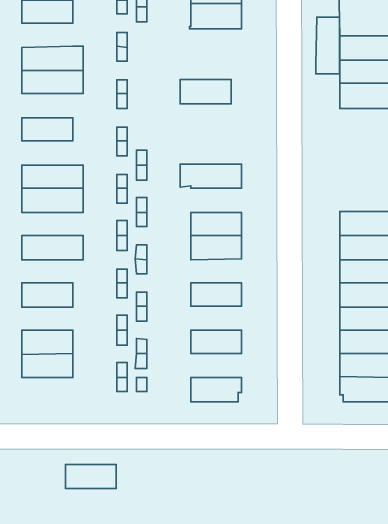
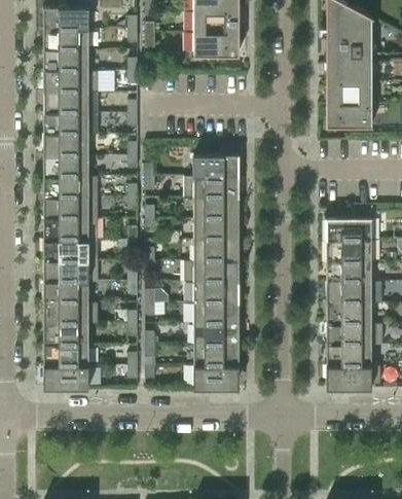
building: [316,17,339,74] -> none
building: none -> [43,50,88,72]
building: [180,80,231,104] -> [193,154,239,176]
building: none -> [43,113,98,135]
building: none -> [43,155,88,177]
building: none -> [193,198,239,219]
building: none -> [43,219,98,240]
building: none -> [184,259,239,282]
building: none -> [43,261,98,282]
building: none -> [193,302,239,324]
building: none -> [43,304,98,324]
building: none -> [193,345,239,366]
building: [65,464,116,489] -> [43,366,88,388]

